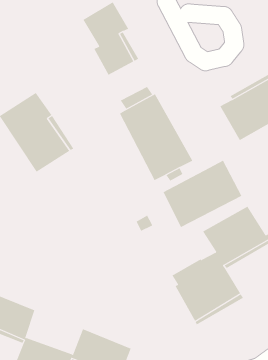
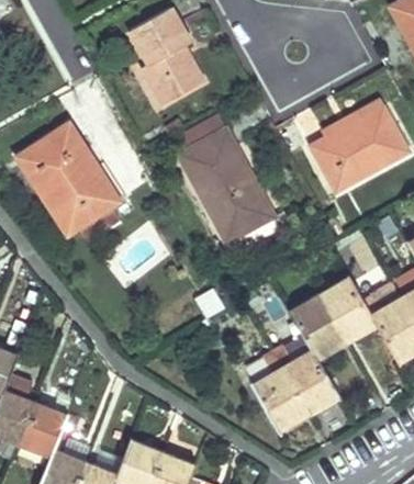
building: [163,160,242,228] -> none

